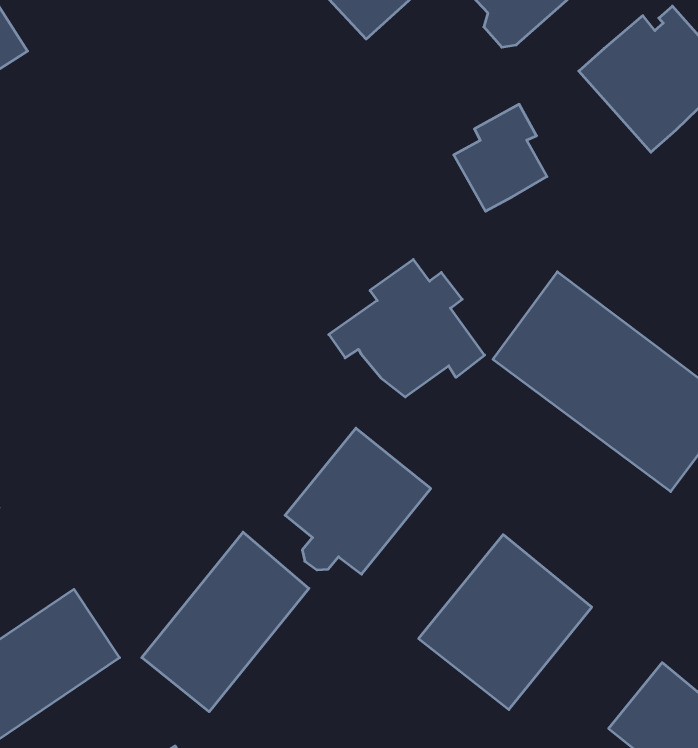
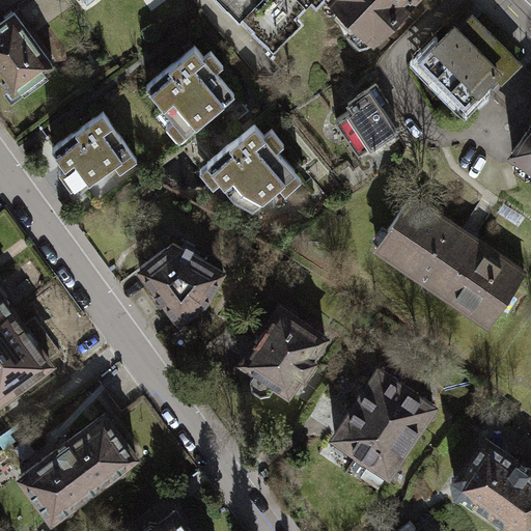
building: none -> [151,46,235,141]
building: none -> [53,111,140,196]
building: [329,259,485,397] -> [202,122,304,212]
building: none -> [139,244,222,325]
building: [142,532,309,712] -> none

